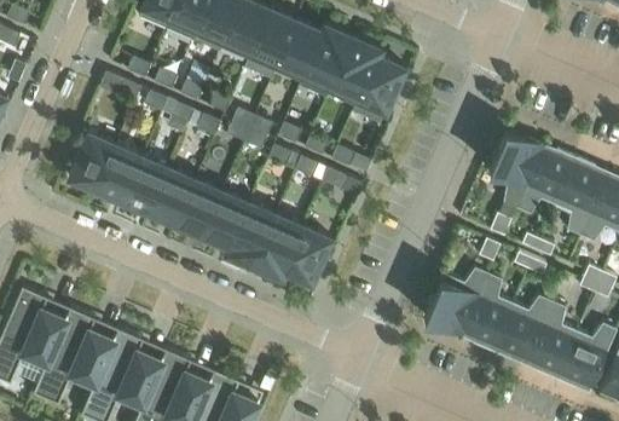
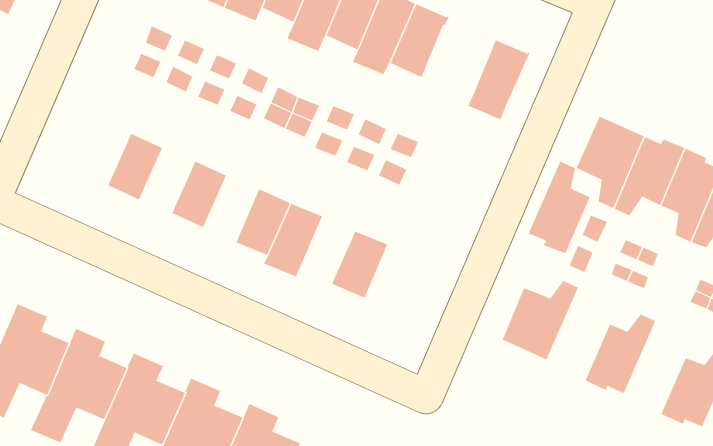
building: [353,56,405,122] -> [468,40,530,120]
building: [69,132,116,189] -> none
building: [123,157,169,212] -> none
building: [177,180,222,236] -> none
building: [254,214,302,278] -> none
building: [462,273,514,351] -> [528,161,591,254]
building: [526,301,577,379] -> none

